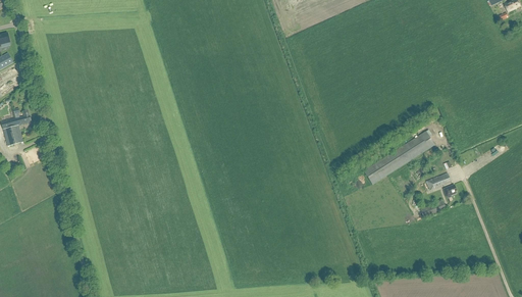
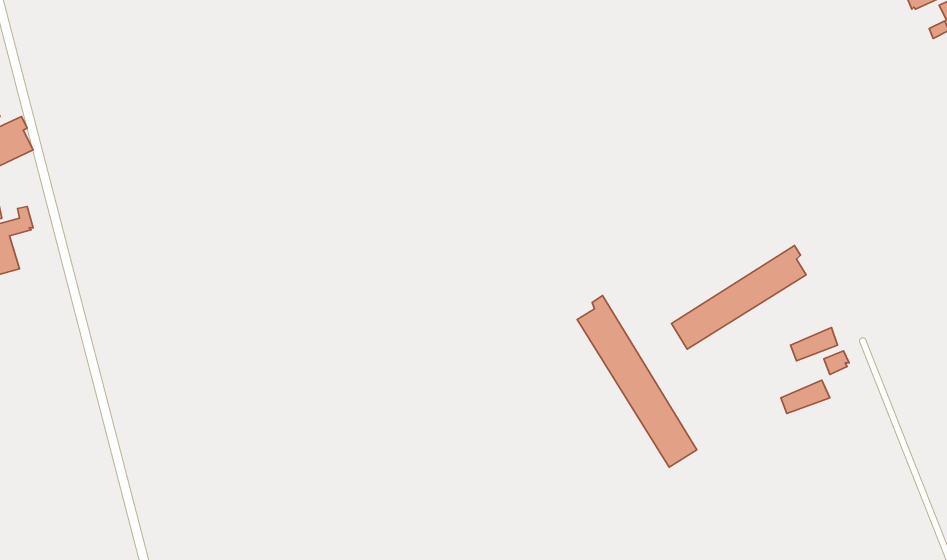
building: none -> [577,296,697,467]

